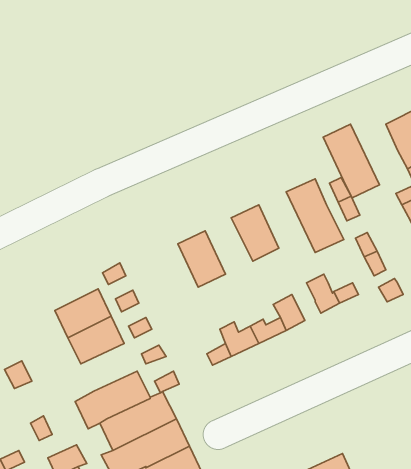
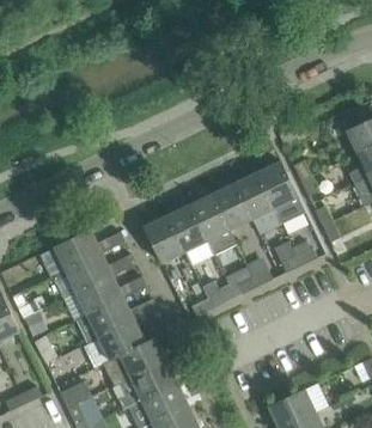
building: [323,124,380,198] -> [234,172,281,233]
building: none -> [190,194,236,255]
building: none -> [144,215,184,263]
building: none -> [54,230,102,270]
building: none -> [75,298,134,342]

